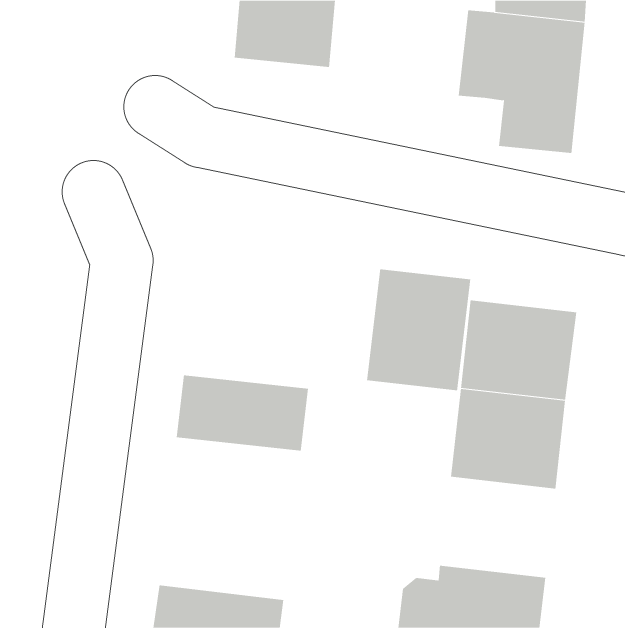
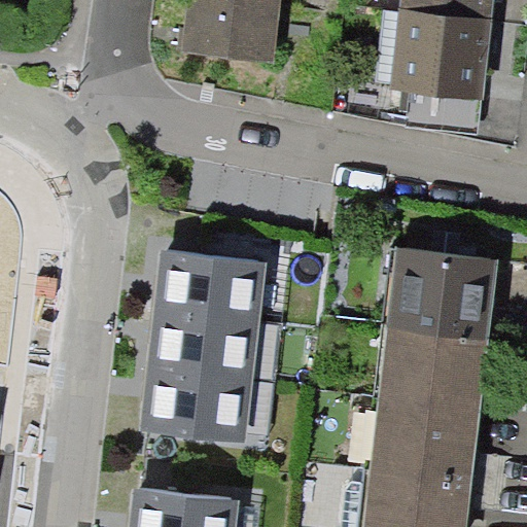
building: [367,269,471,391] -> none
building: none -> [156,251,269,325]
building: none -> [143,366,255,441]
building: none -> [371,399,468,484]

